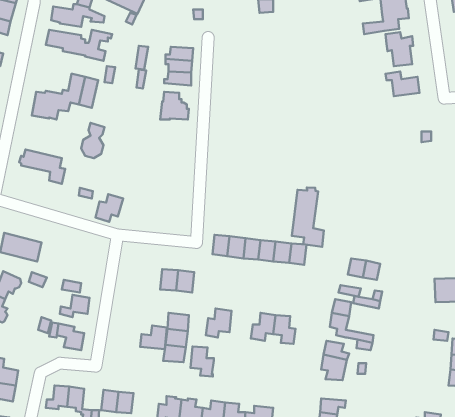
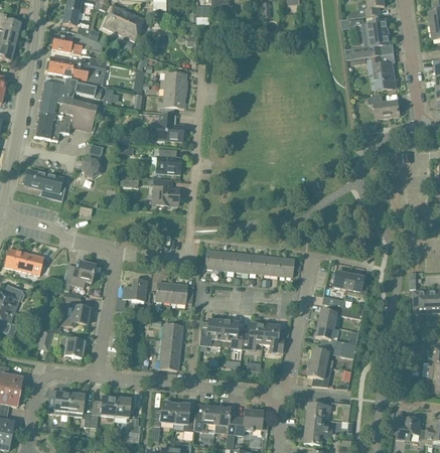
building: none -> [38,78,102,116]
building: none -> [156,148,180,173]
building: none -> [152,178,178,205]
building: [292,187,324,247] -> none
building: [95,194,123,222] -> [69,261,96,287]
building: [140,326,167,349] -> [122,278,147,300]
building: [190,347,214,376] -> [221,320,243,348]

